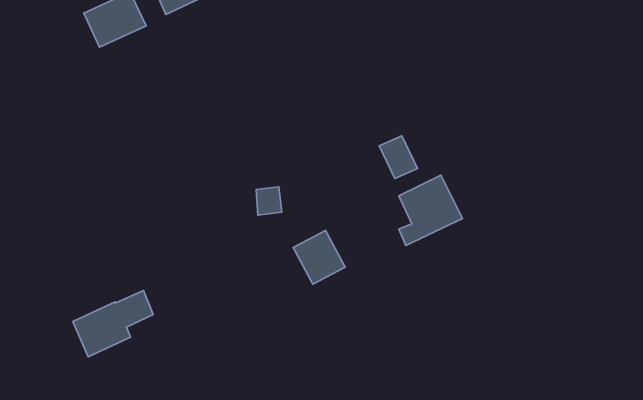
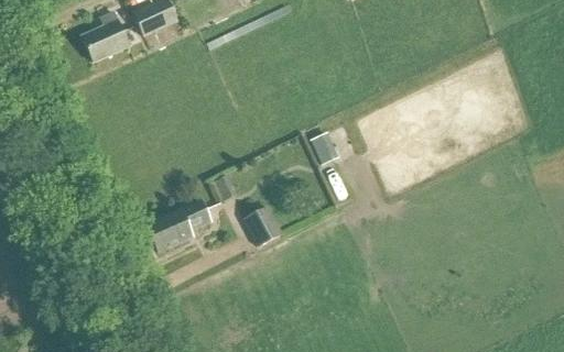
building: [399,175,462,245] -> none
building: [73,290,153,357] -> [147,204,209,255]

